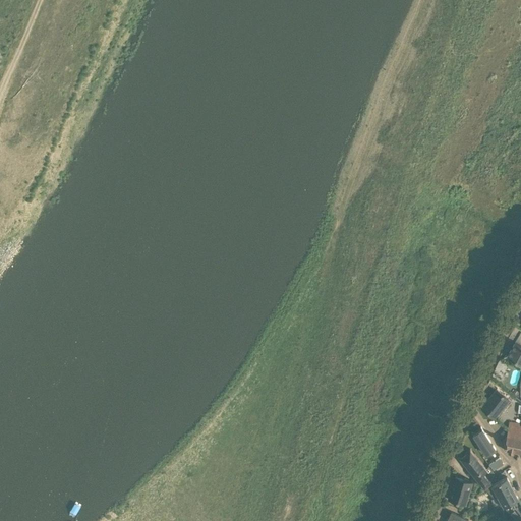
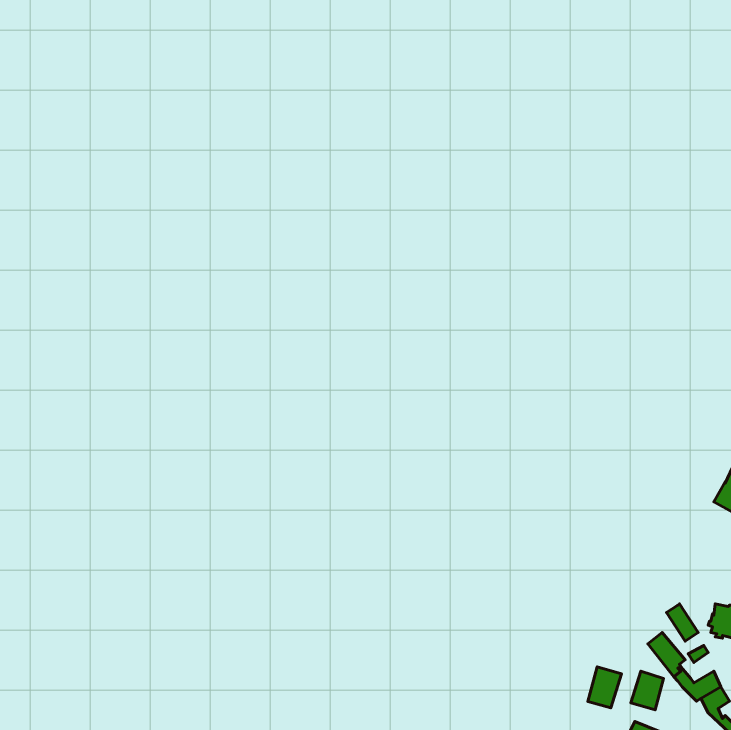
building: [482,391,512,421] -> none
building: none -> [588,667,622,708]

